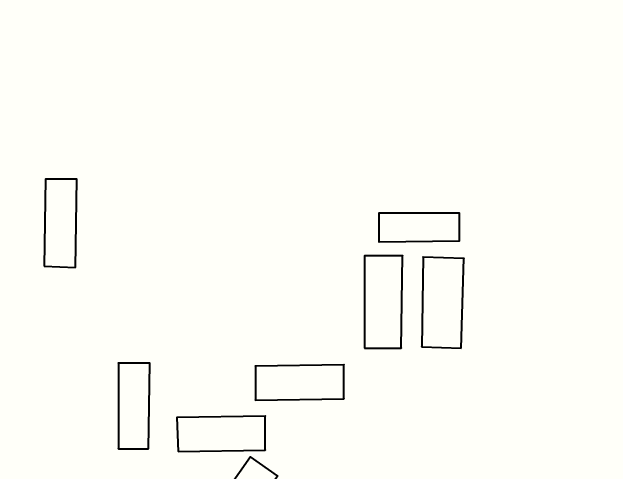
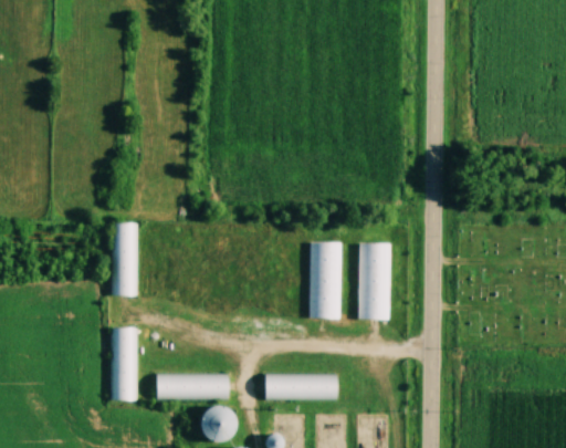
building: [44,179,77,267] -> [112,222,138,294]
building: [379,213,459,242] -> none
building: [255,365,344,400] -> [269,373,340,402]

